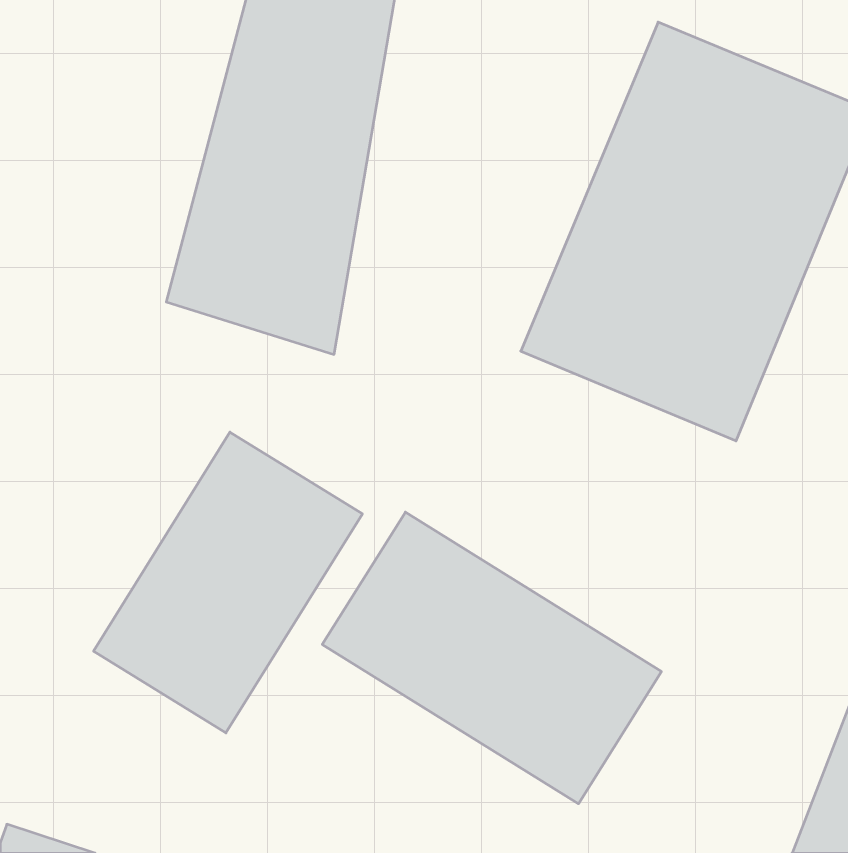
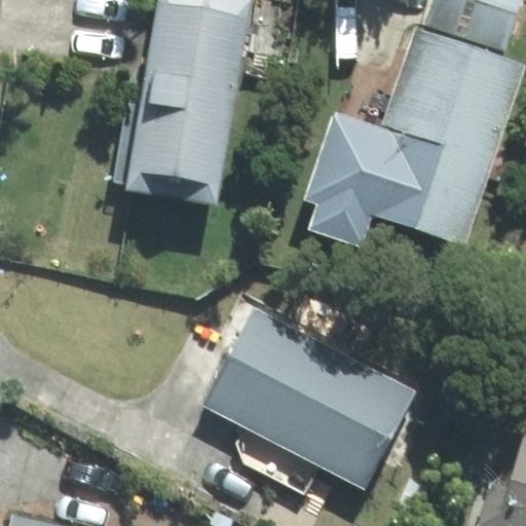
building: [94,432,362,733] -> none

